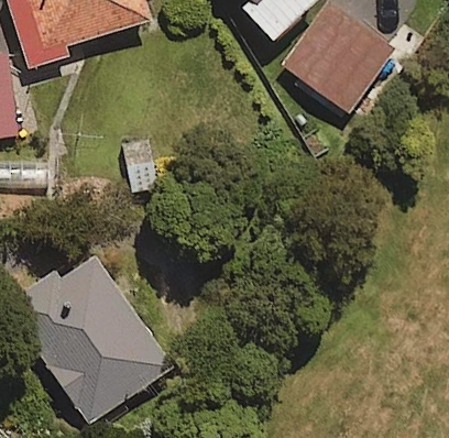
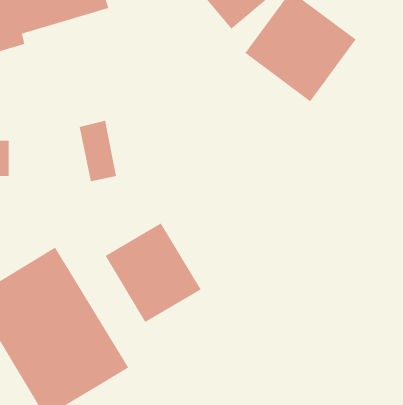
building: none -> [105,223,201,323]

